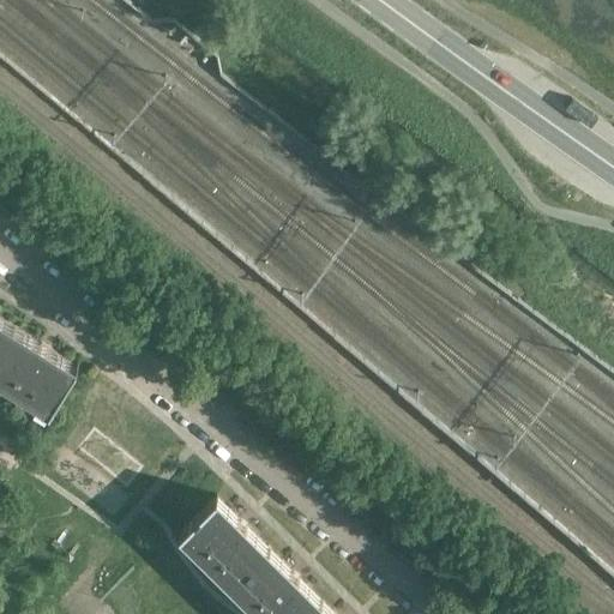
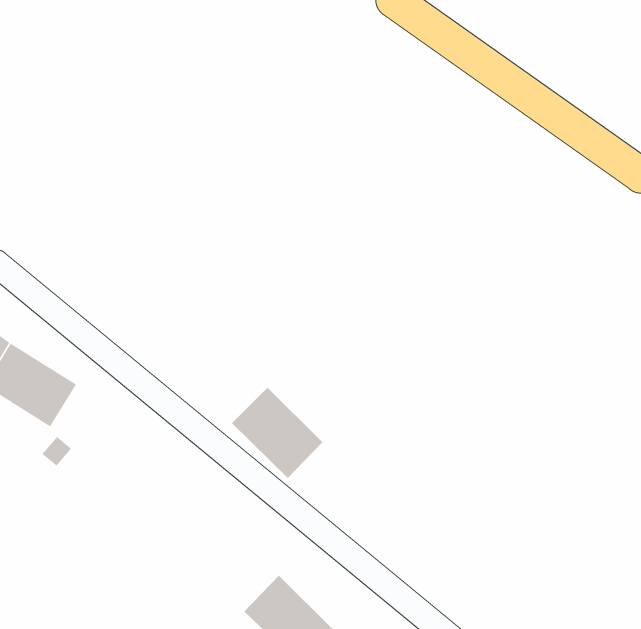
building: [177,508,265,596] -> [231,387,323,479]

